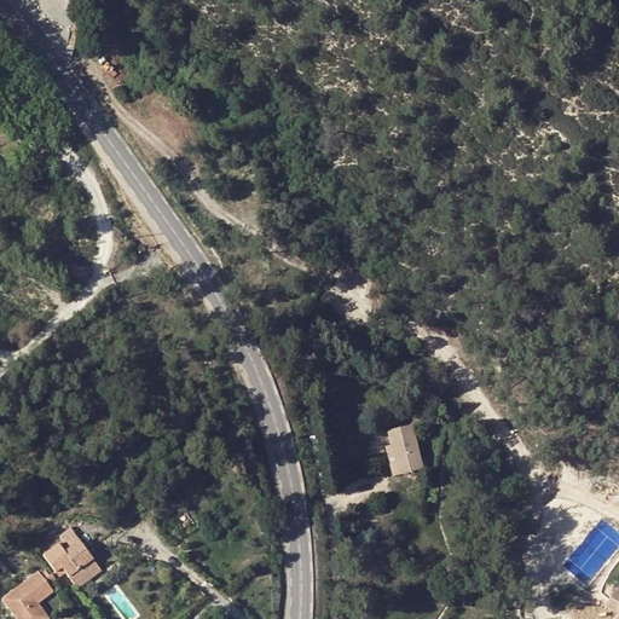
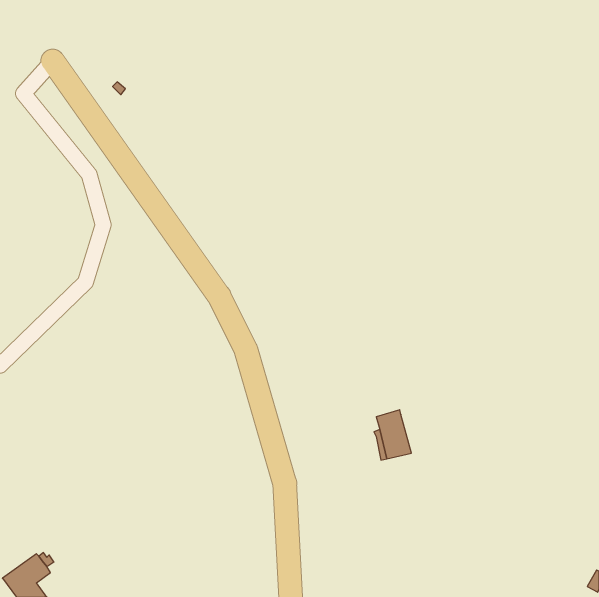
building: [44,527,100,586] -> none

